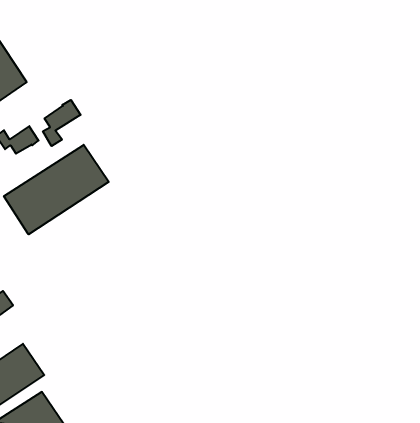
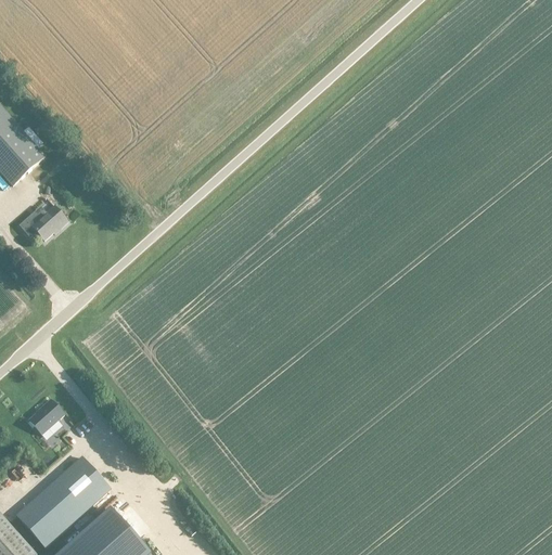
building: [43,100,81,146] -> none
building: [4,145,109,234] -> none

